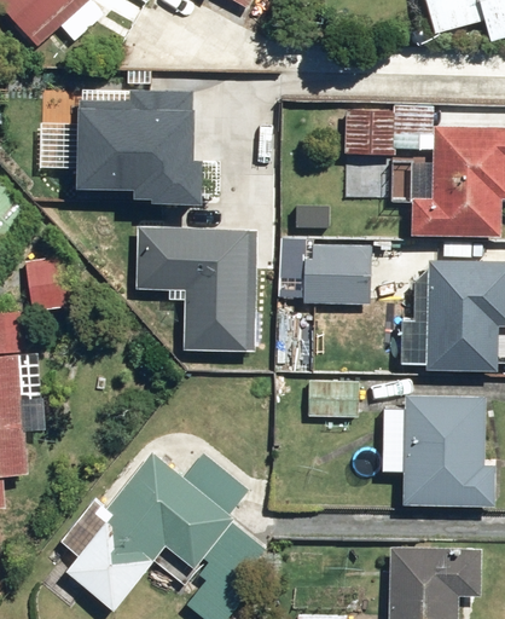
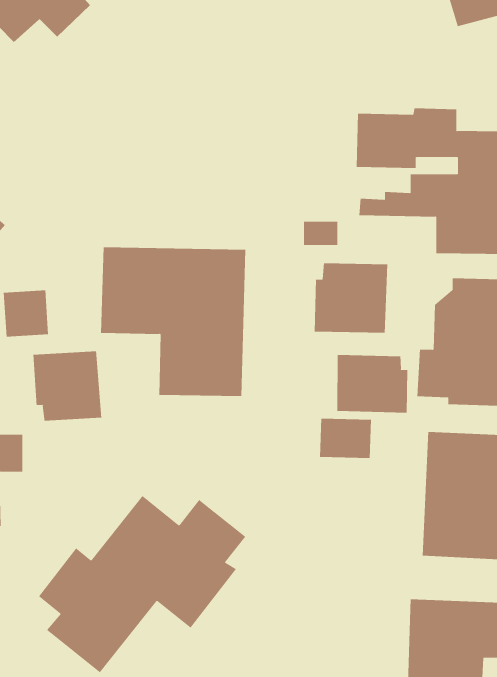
building: [66,102,187,210] -> none
building: none -> [33,350,102,422]
building: none -> [337,354,408,413]

